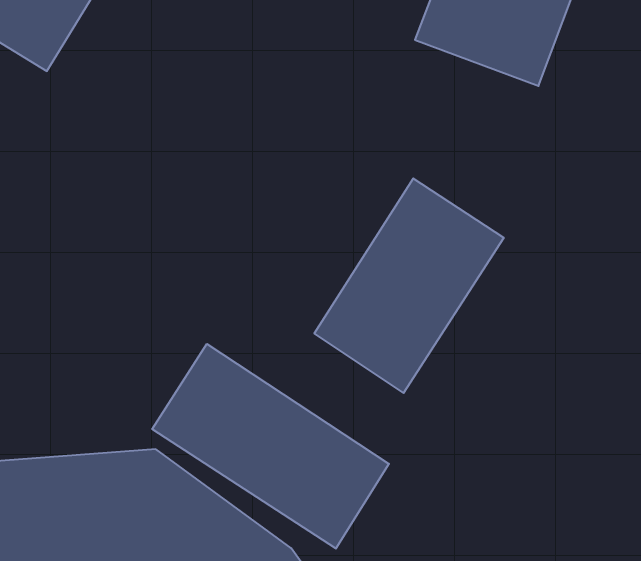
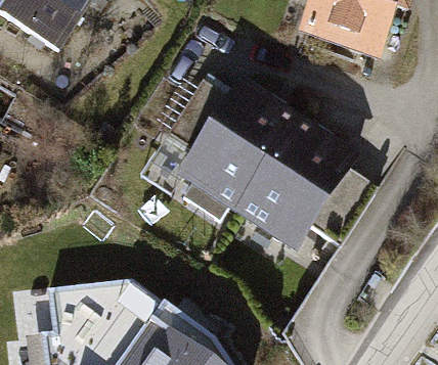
building: none -> [174,76,295,210]
building: [152,344,389,549] -> none

